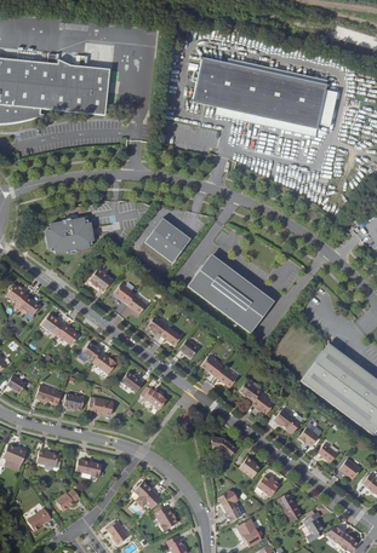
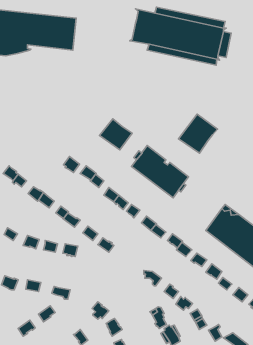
building: none -> [178,114,217,153]
building: [48,217,97,253] -> none

